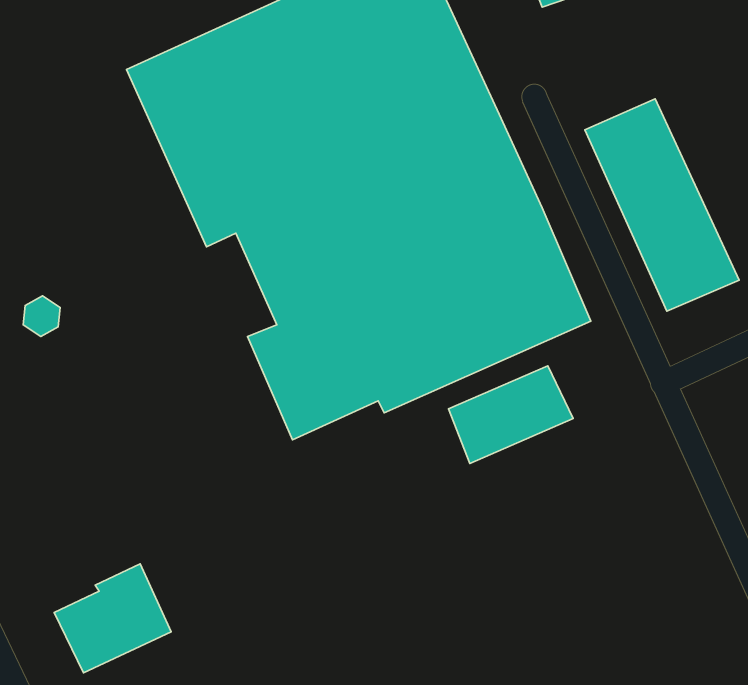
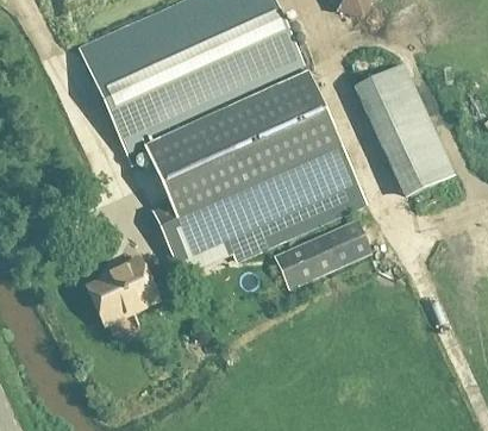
building: none -> [337,218,371,260]
building: [54,564,171,673] -> [87,256,158,323]

